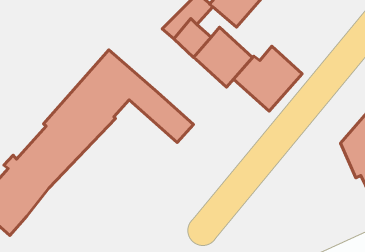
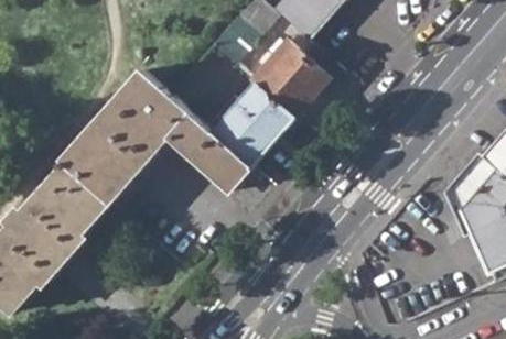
building: [234,46,302,111] -> [207,83,297,167]

